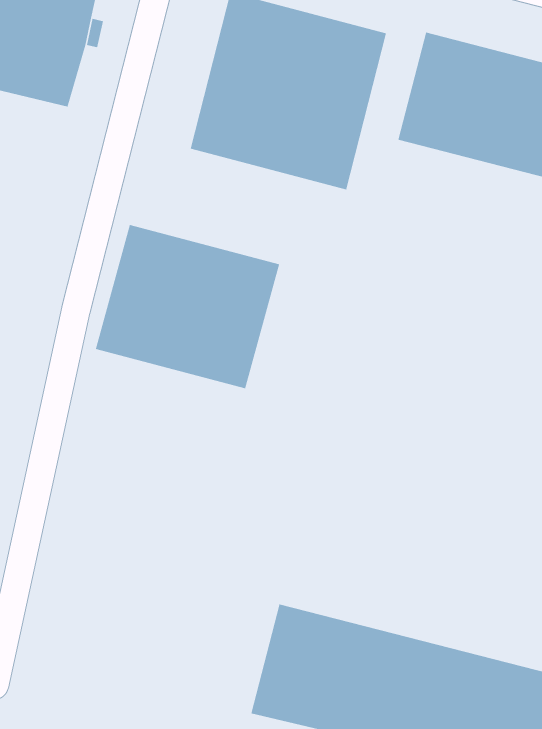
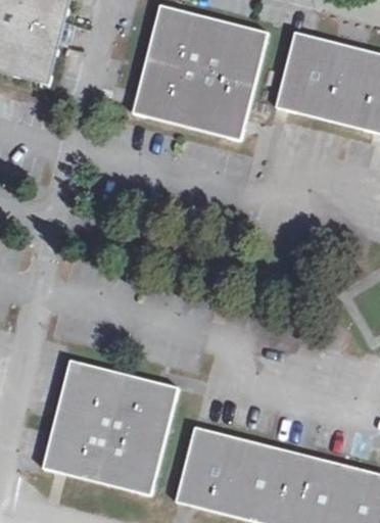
building: [95,224,280,389] -> none
building: none -> [43,360,177,494]

